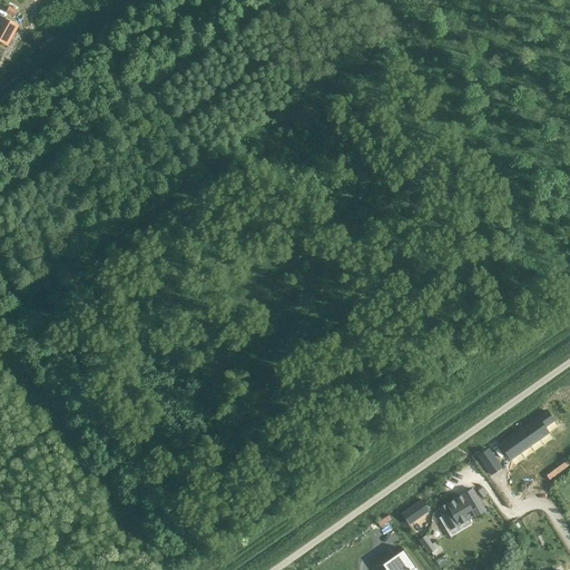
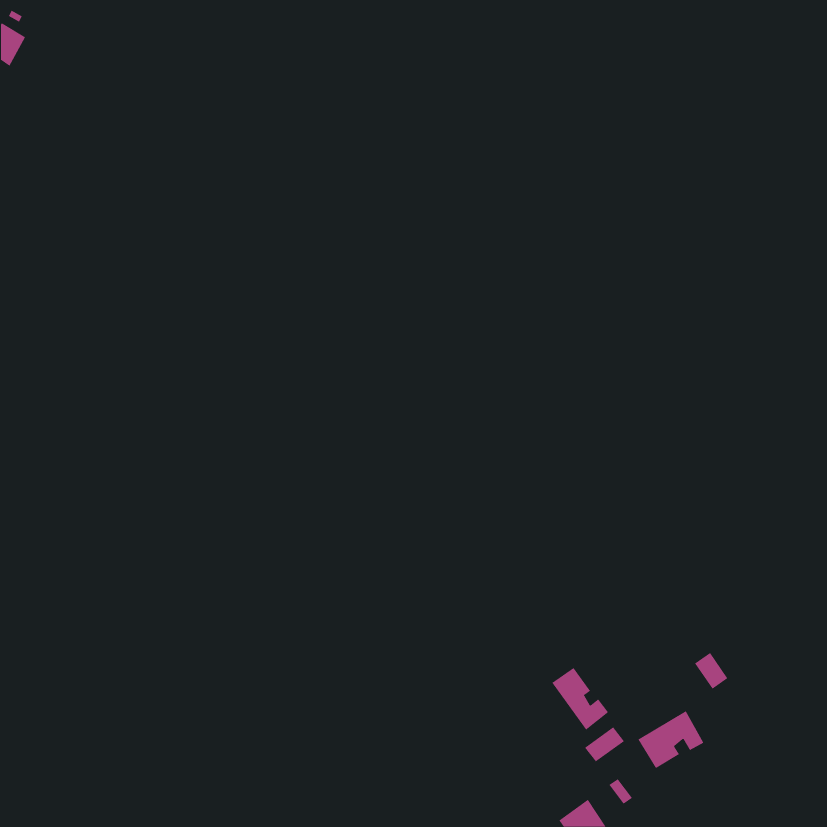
building: [500,417,548,460] -> none
building: none -> [551,667,609,731]

